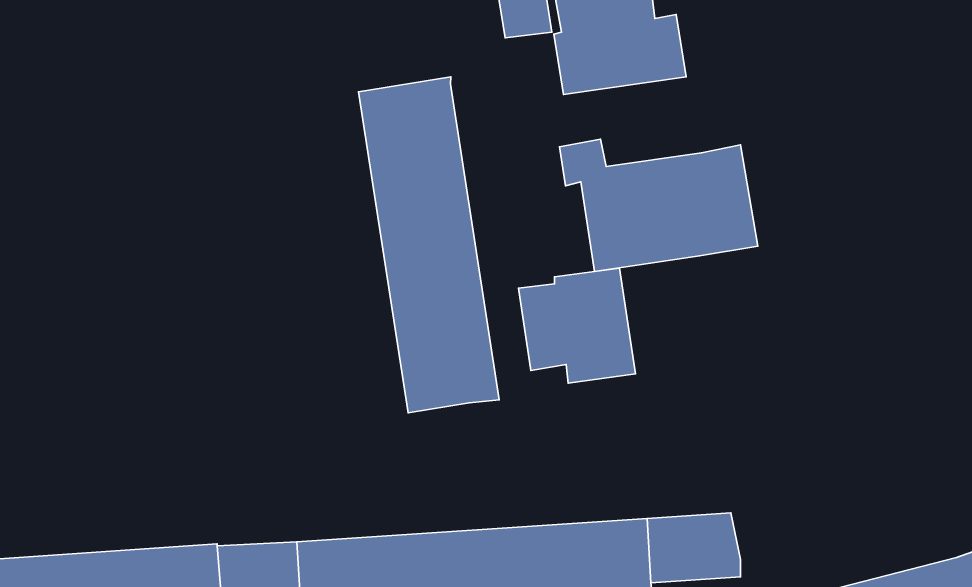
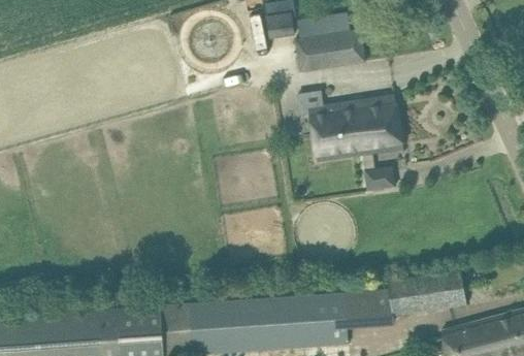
building: [358,77,499,413] -> none
building: [519,268,635,383] -> none
building: none -> [364,167,394,191]
building: none -> [388,270,465,315]

